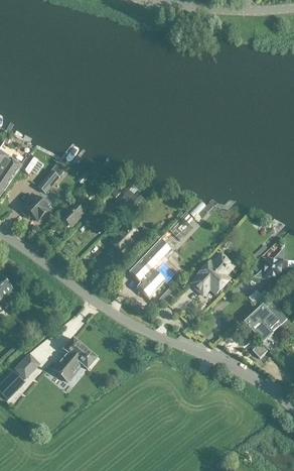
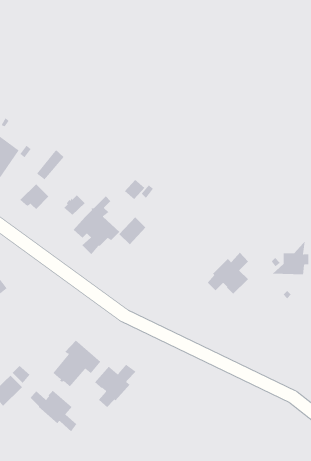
building: [131,240,174,295] -> [73,196,120,255]
building: [246,306,283,359] -> none
building: none -> [94,364,136,408]
building: none -> [30,390,77,432]

